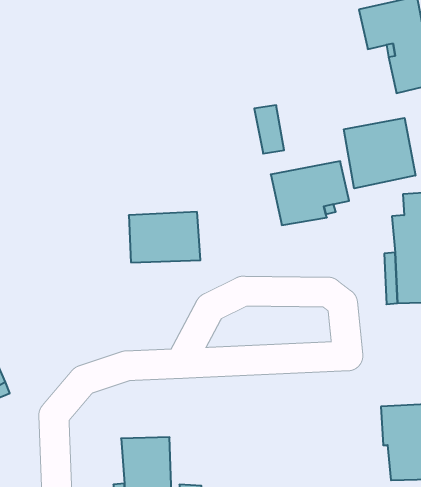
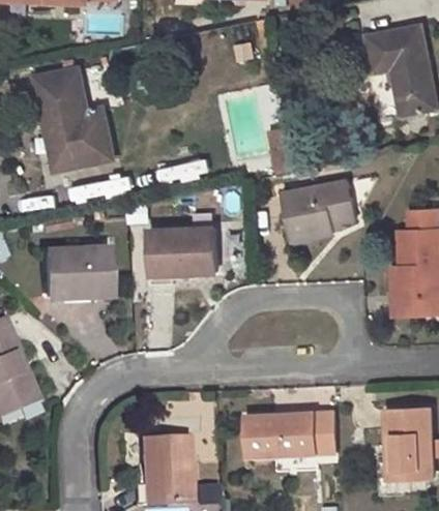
building: none -> [38,67,115,169]
building: [344,118,415,188] -> none
building: none -> [46,250,112,299]
building: none -> [246,413,339,456]

